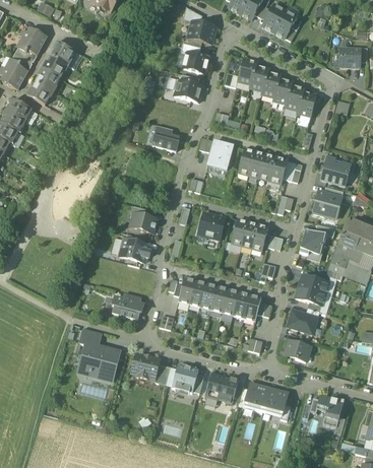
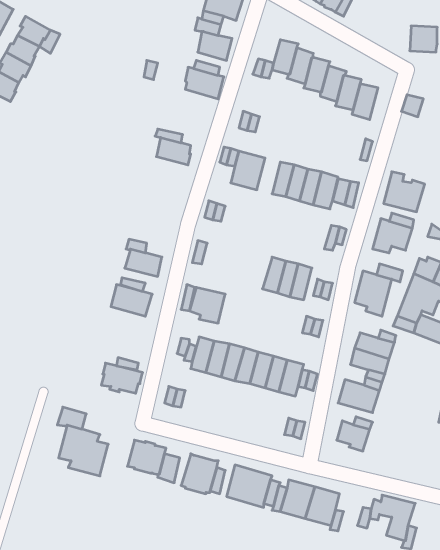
building: [198,212,225,239] -> [189,287,225,323]

